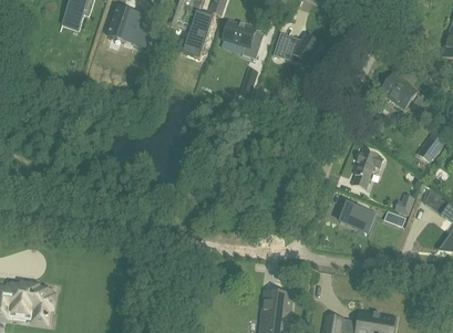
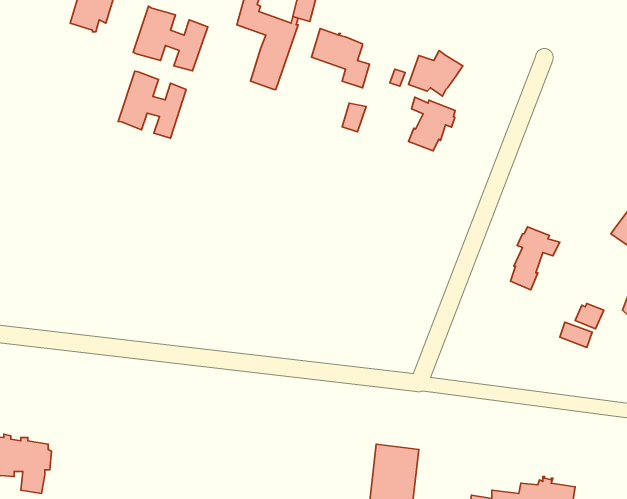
building: none -> [118,71,186,138]
building: none -> [408,97,455,151]
building: [379,72,416,108] -> none
building: [339,202,373,227] -> none

